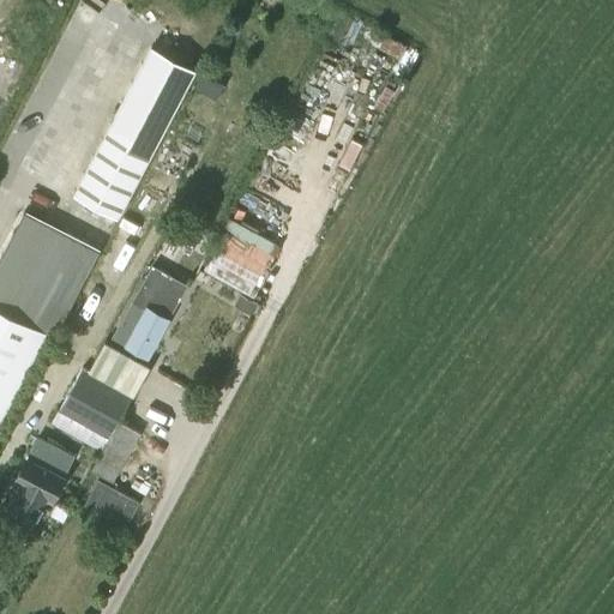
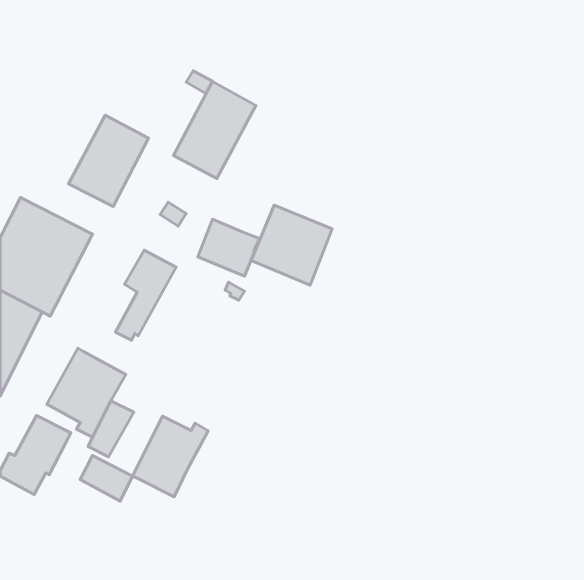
building: [110,47,197,149] -> [174,81,256,178]
building: none -> [251,205,332,285]
building: [88,343,148,397] -> none
building: none -> [133,416,208,497]

